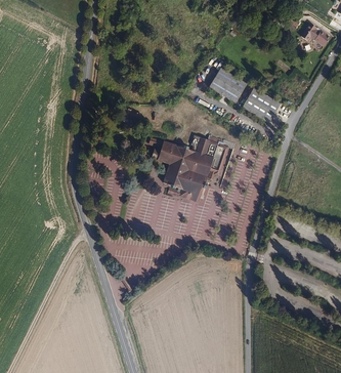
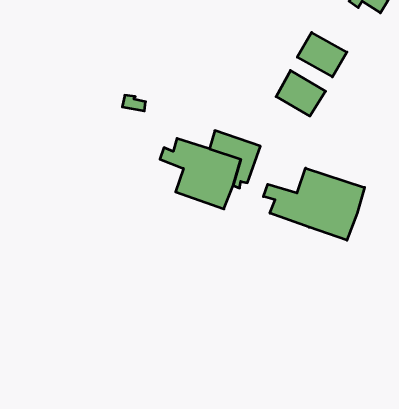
building: [209,67,248,101] -> [297,32,347,77]
building: none -> [263,168,365,240]

